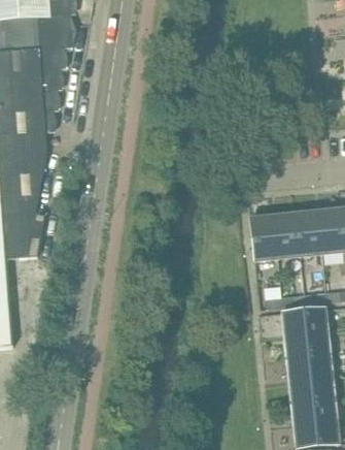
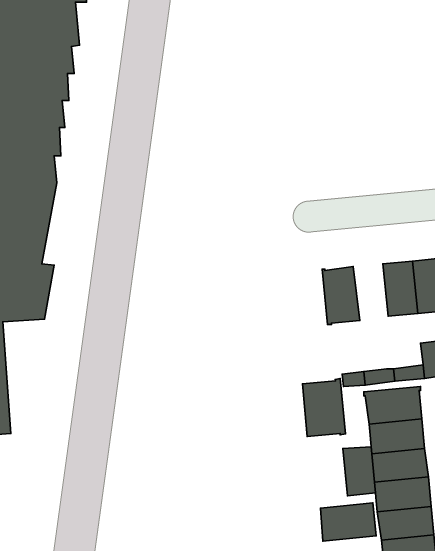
building: [273,215,300,258] -> none
building: none -> [302,379,345,436]
building: none -> [343,447,376,496]
building: none -> [321,503,376,541]

